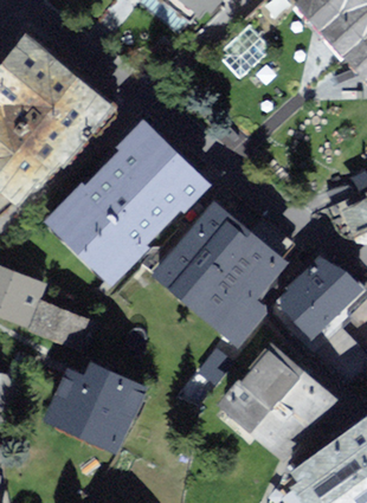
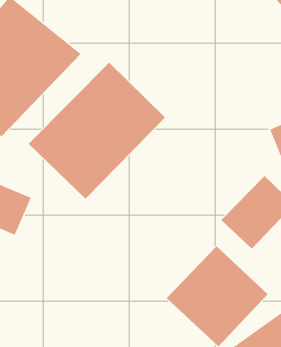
building: [148,200,300,349] -> none
building: [27,298,78,349] -> none
building: [40,348,157,457] -> none

